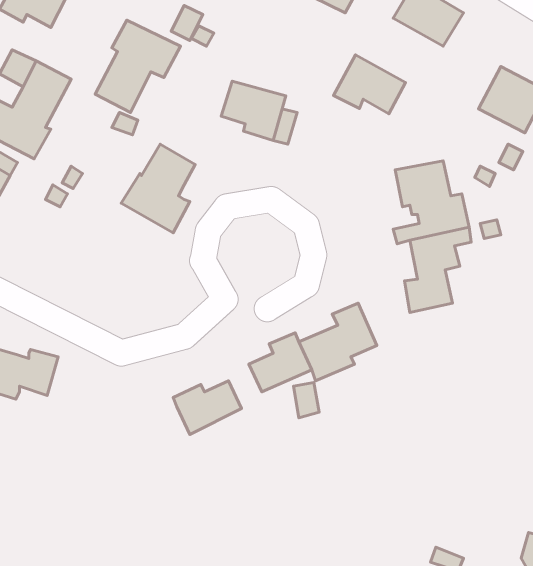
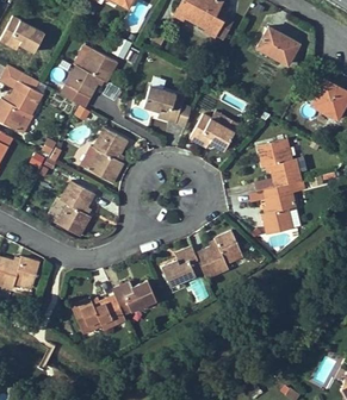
building: [333,55,406,114] -> [190,112,236,150]
building: none -> [57,180,93,236]
building: none -> [72,295,128,333]

